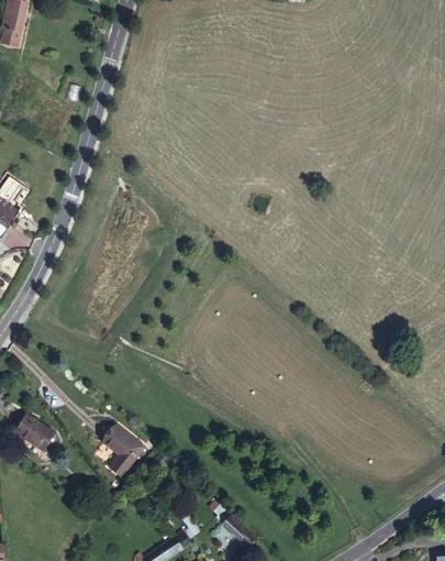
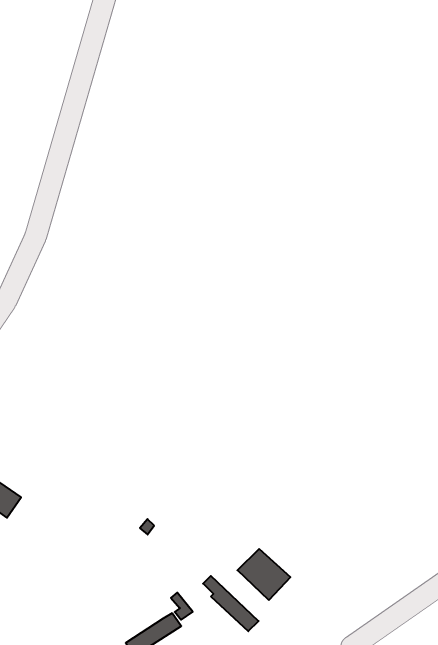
building: [103,425,144,475] -> none
building: none -> [237,549,290,600]

